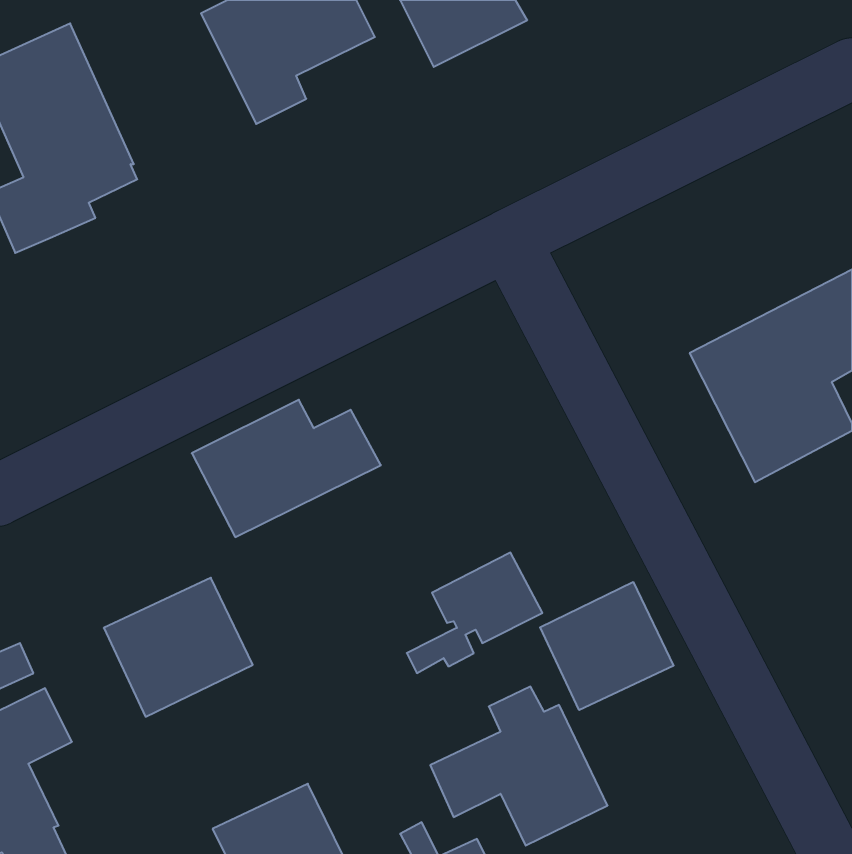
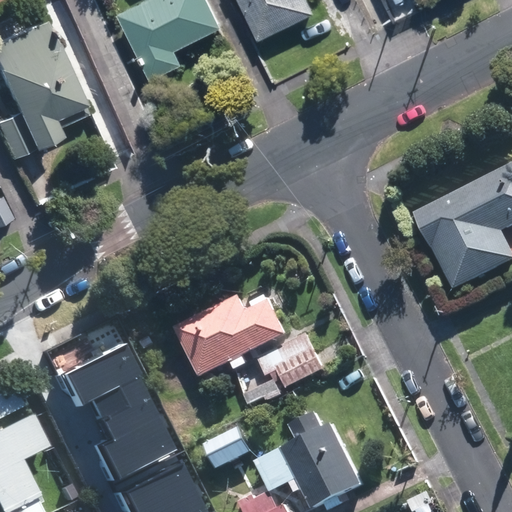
building: [192,400,381,537] -> [176,292,289,374]
building: [540,582,674,710] -> none
building: none -> [87,398,177,482]

